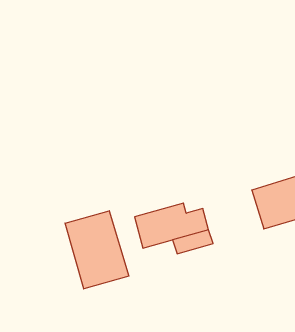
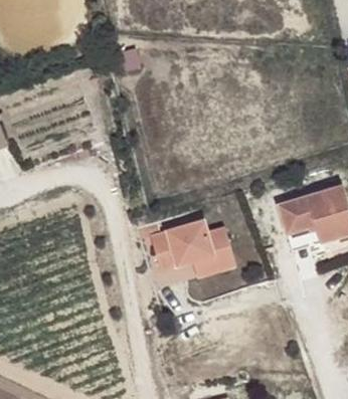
building: [65,211,129,289] -> none

